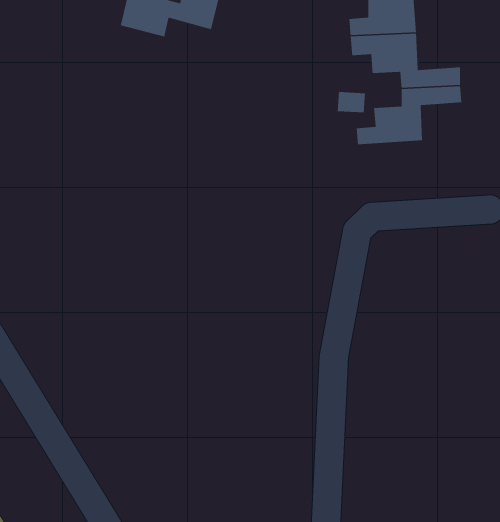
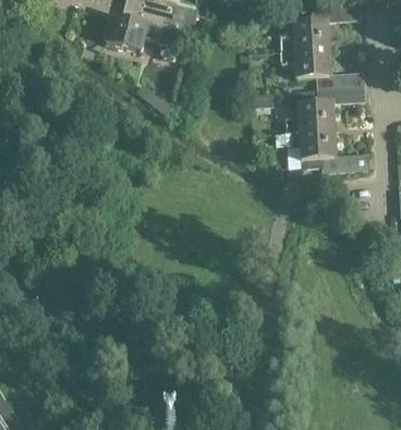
building: none -> [284,127,367,170]

